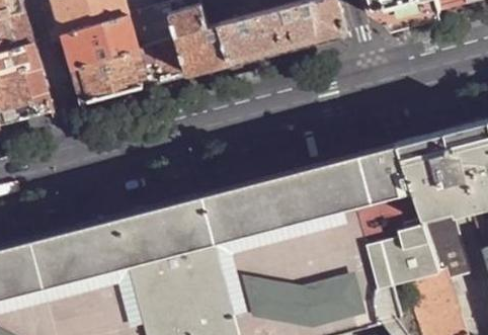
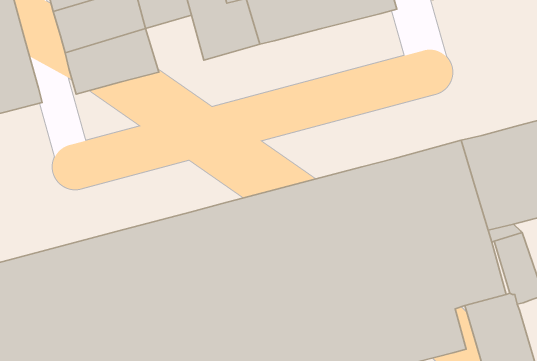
building: [139,37,187,85] -> none

